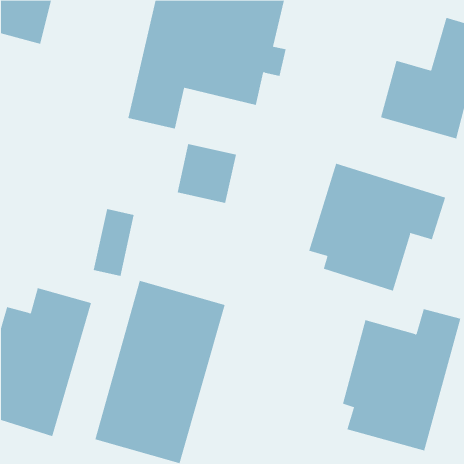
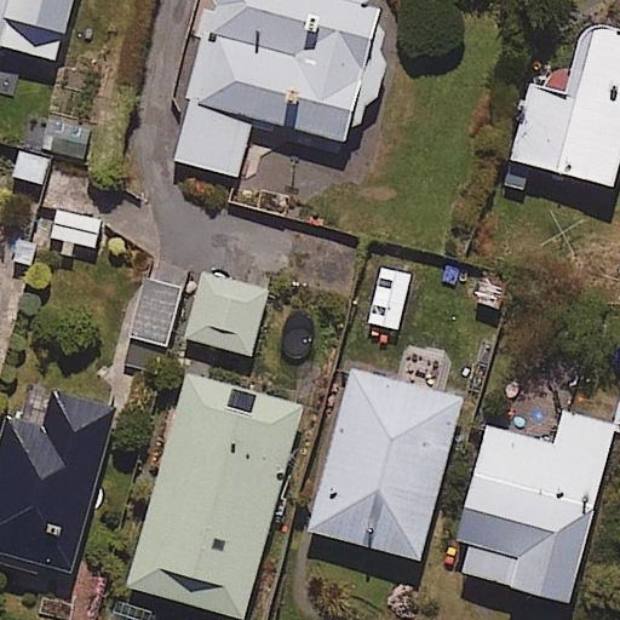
building: [177,144,237,204] -> [186,275,266,355]
building: [308,163,446,292] -> none
building: none -> [306,368,464,561]

